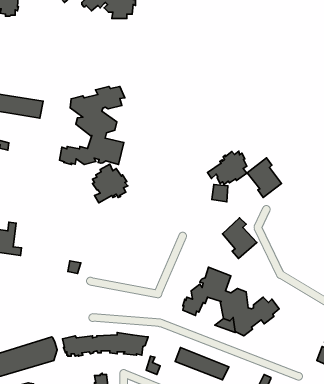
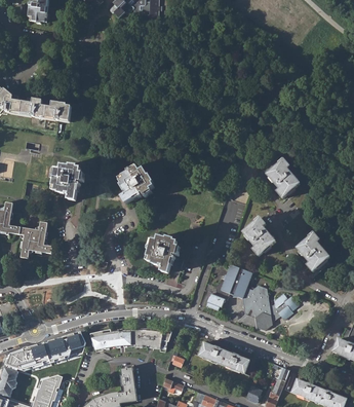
building: [59,87,125,165] -> none
building: [207,151,247,185] -> none
building: none -> [52,164,85,200]
building: none -> [297,232,329,271]
building: none -> [148,235,182,271]

